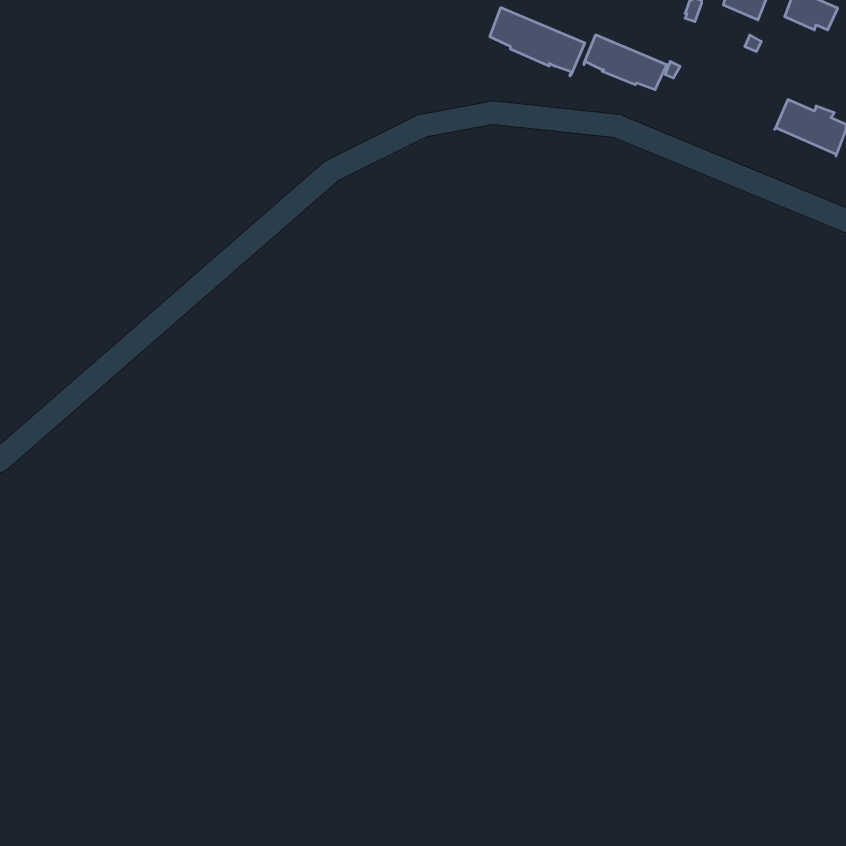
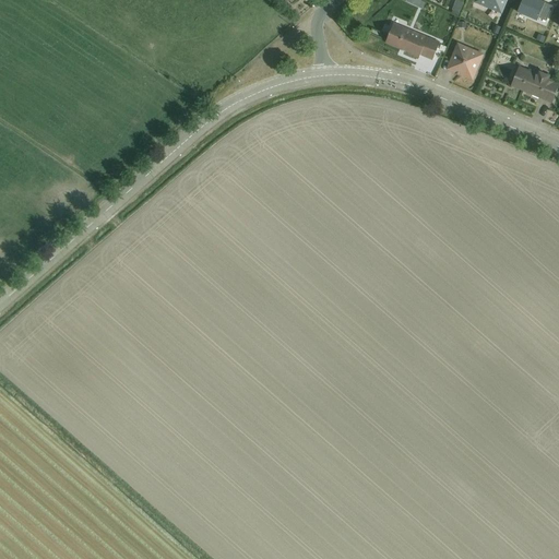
building: [490,8,585,76] -> none
building: none -> [447,43,481,79]

